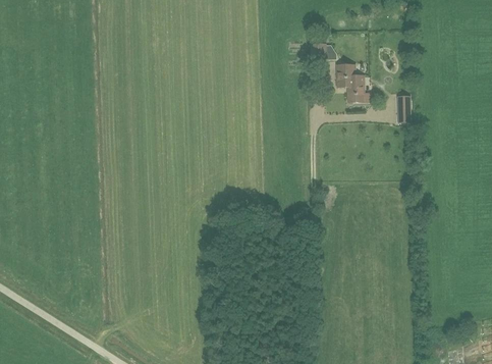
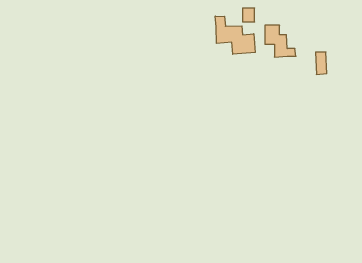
building: none -> [215,16,255,54]

